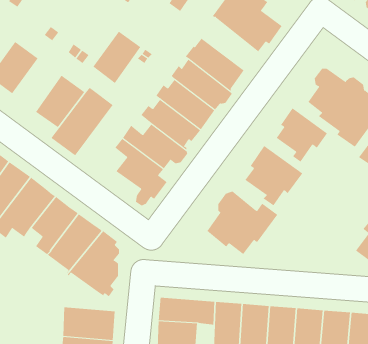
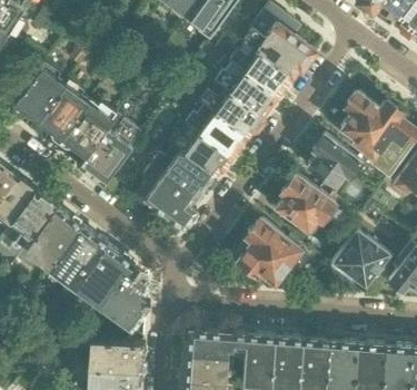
building: none -> [230,43,290,98]
building: [93,31,141,84] -> [38,86,88,140]
building: none -> [330,231,394,289]

